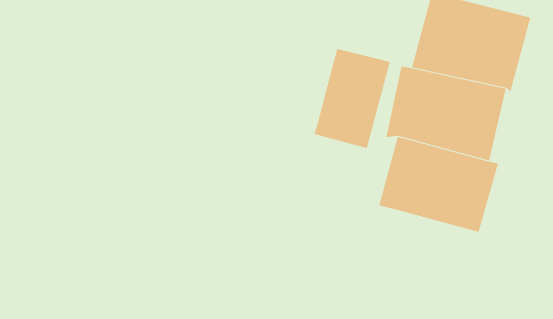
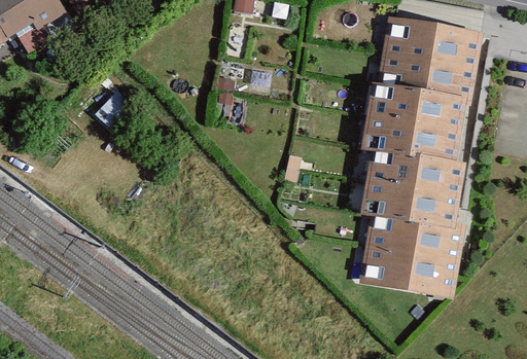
building: [314,48,391,149] -> none
building: none -> [361,212,466,296]

